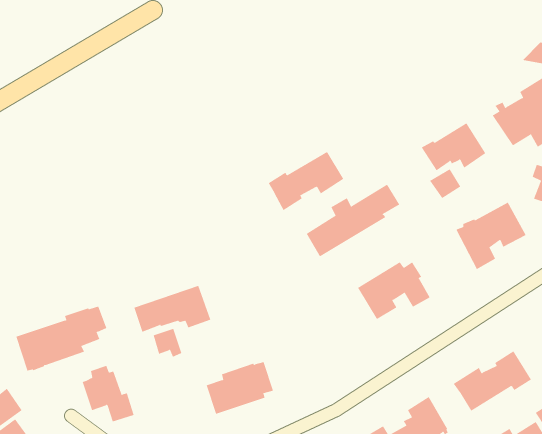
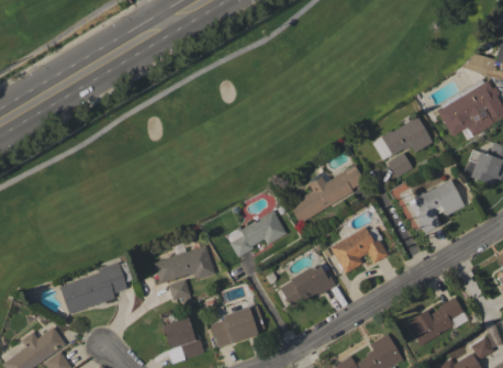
building: [268,151,344,211] -> [225,210,286,257]
building: none -> [289,264,335,301]
building: [82,365,135,422] -> [161,312,203,357]

